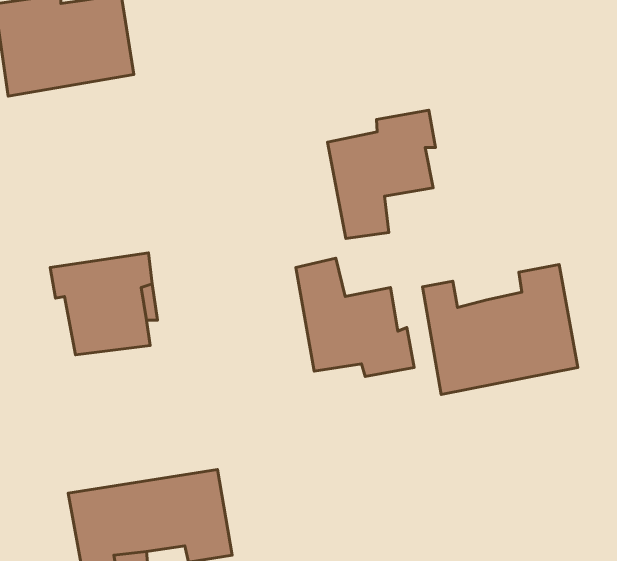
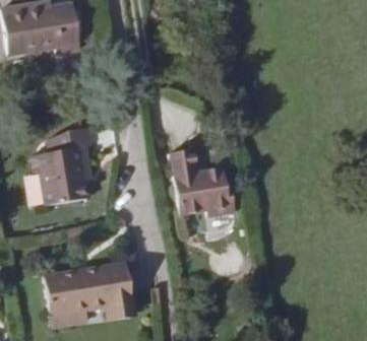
building: [327,110,436,239] -> none
building: [423,265,578,394] -> none

